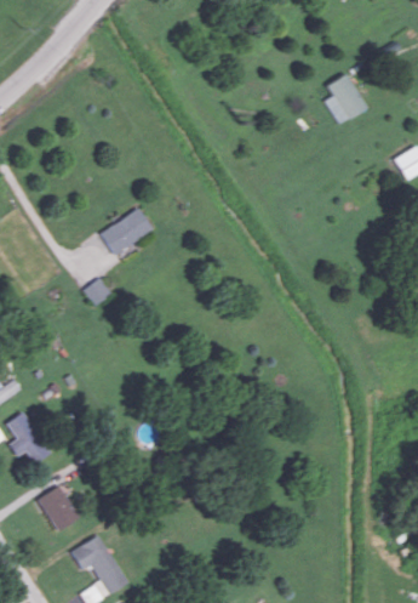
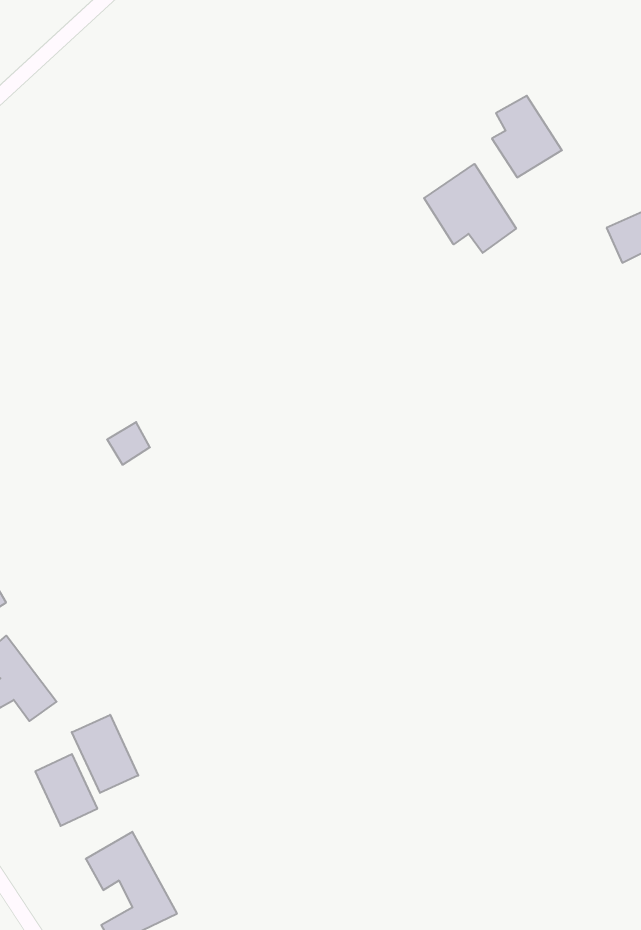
building: none -> [424,164,516,253]
building: [101,207,153,254] -> none
building: none -> [72,715,138,793]

